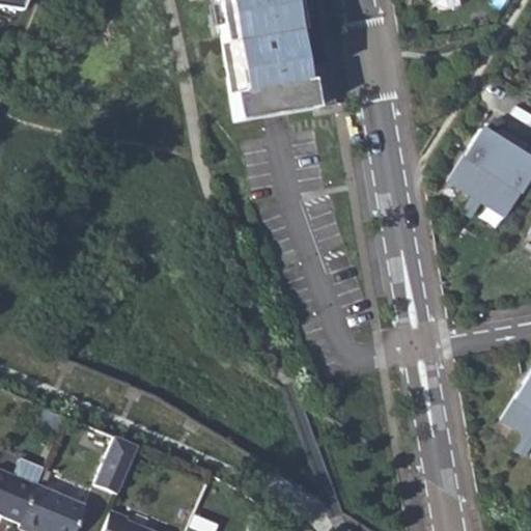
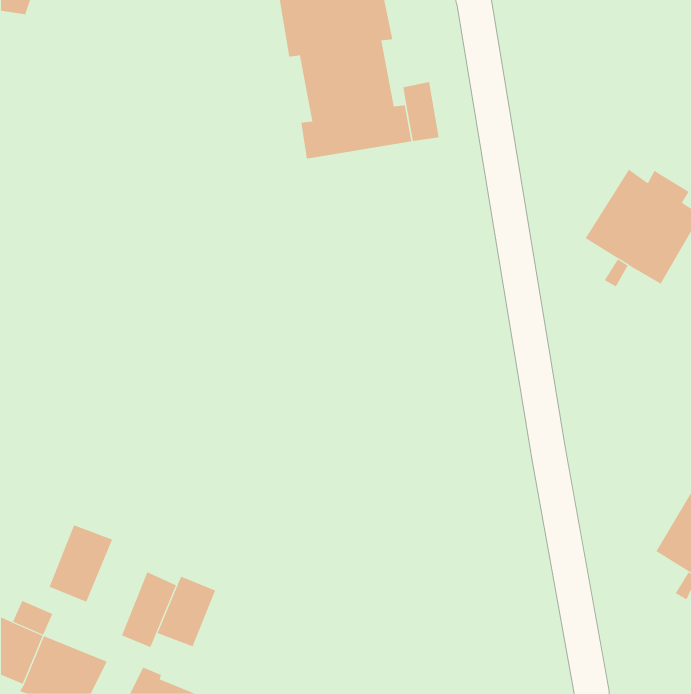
building: none -> [49,524,113,603]
building: none -> [157,576,216,647]

